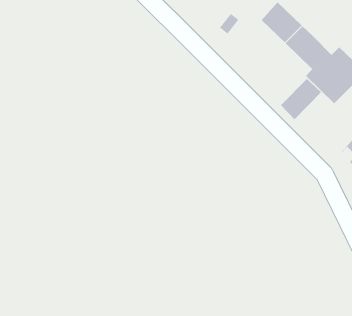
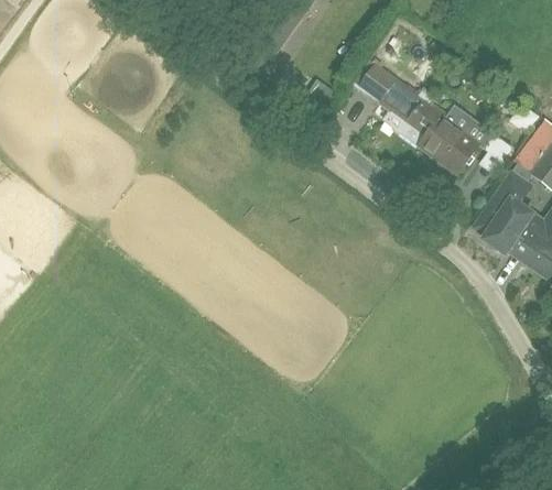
building: [280,78,322,120] -> none

